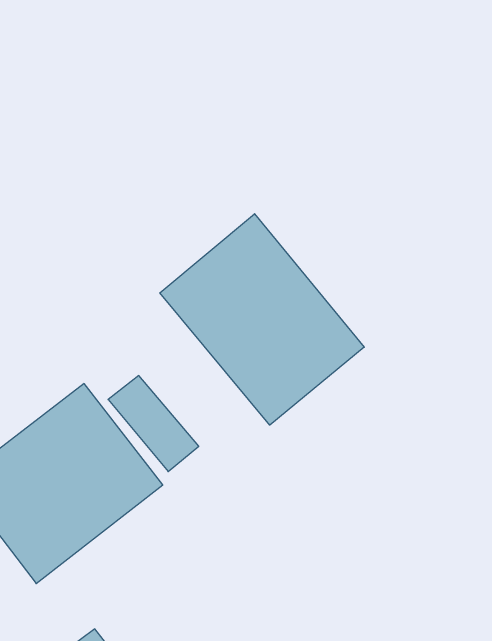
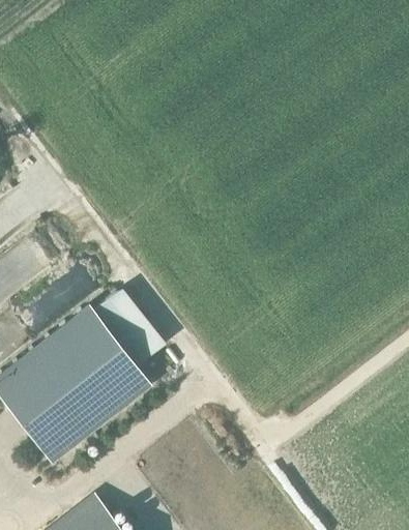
building: [160,214,364,425] -> none

